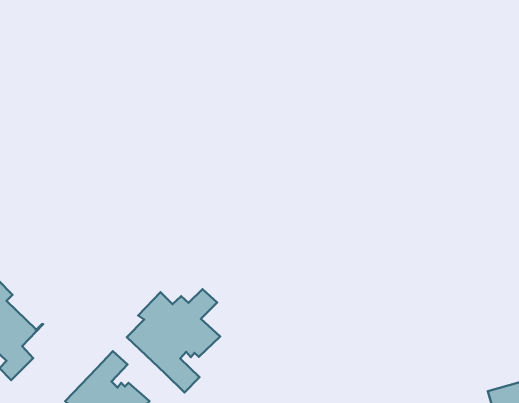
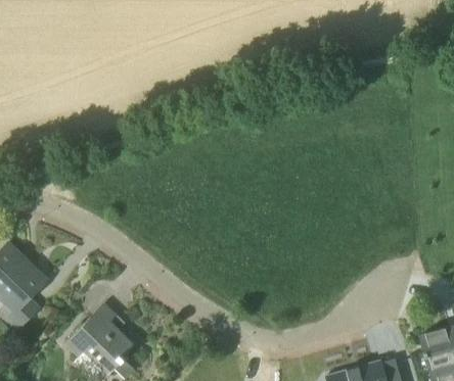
building: [127,289,220,392] -> none

